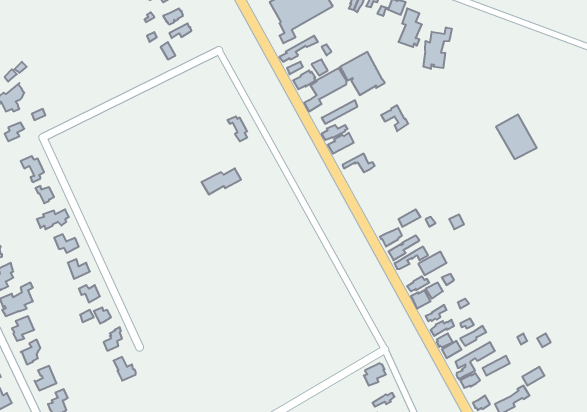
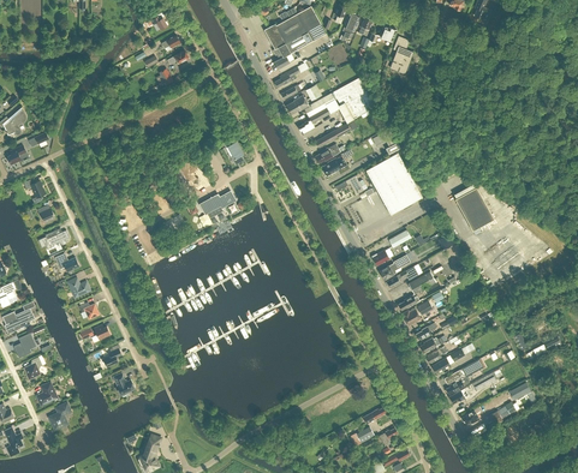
building: [423,27,452,69] -> none
building: [496,115,537,159] -> [454,186,494,229]
building: none -> [365,151,422,214]

